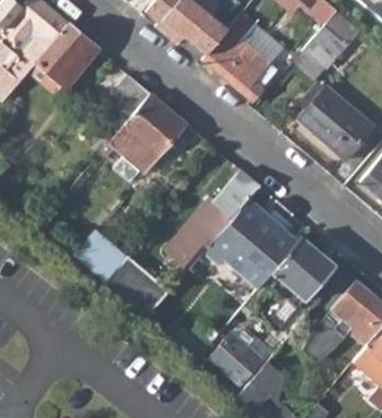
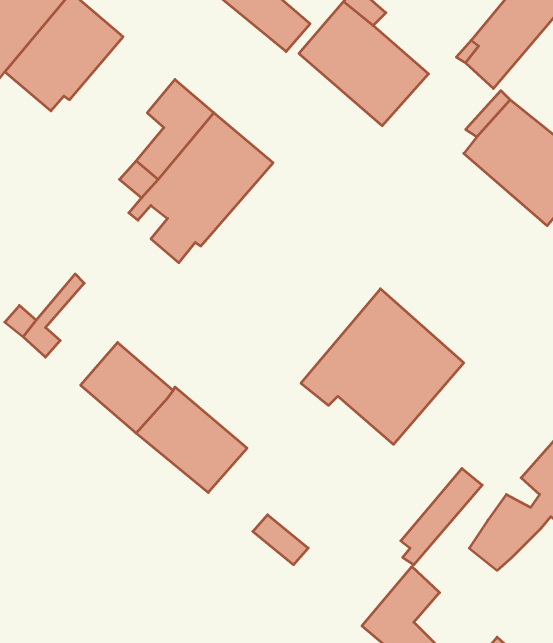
building: [169,170,259,268] -> none
building: [227,235,340,325] -> none
building: [211,330,263,383] -> none

